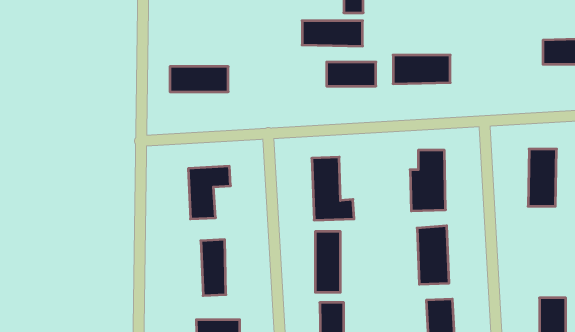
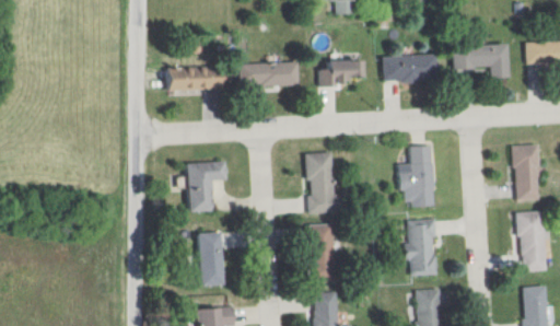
building: [302,21,363,46] -> [240,62,298,86]
building: none -> [451,44,510,78]
building: none -> [516,210,547,270]

